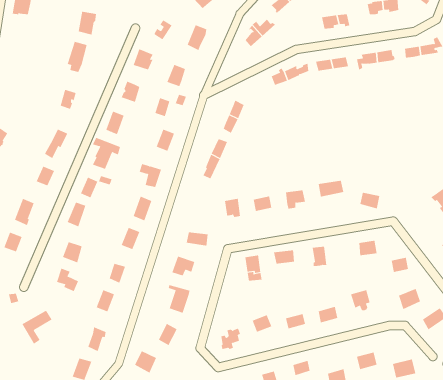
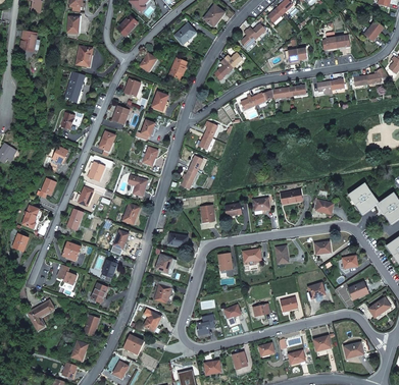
building: none -> [347,183,379,215]

